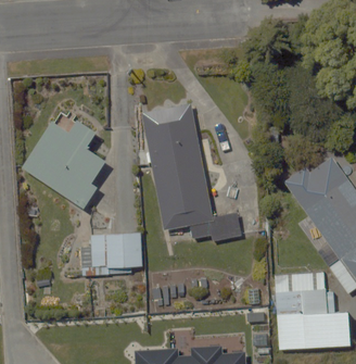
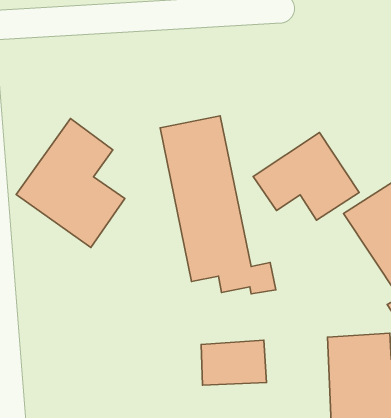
building: none -> [253,132,359,220]
building: [91,231,143,267] -> [201,340,266,385]

